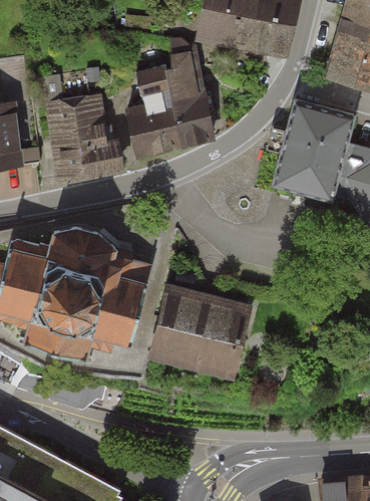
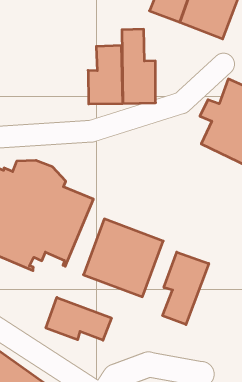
building: [48,96,118,176] -> none
building: none -> [163,252,209,325]
building: none -> [46,297,111,340]

